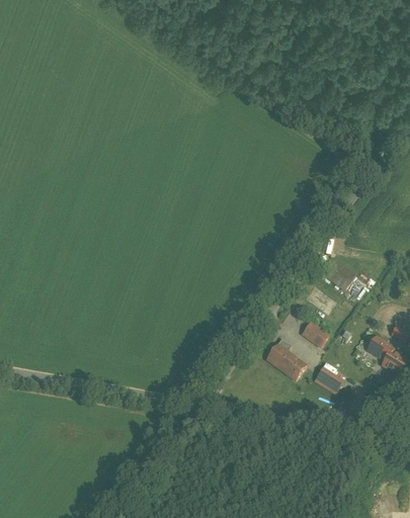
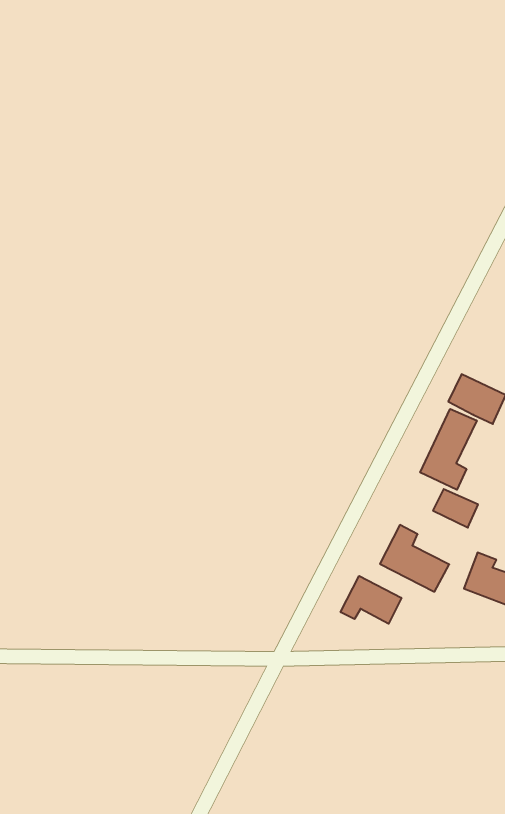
building: none -> [420,409,477,490]
building: none -> [341,576,401,624]

